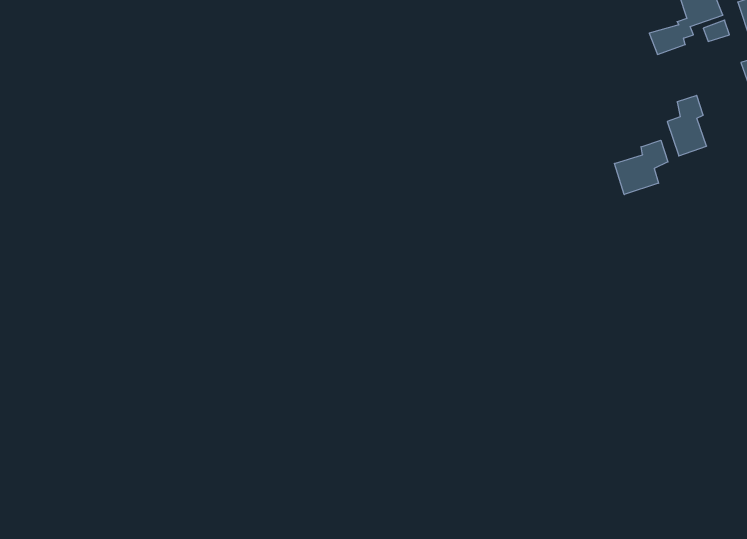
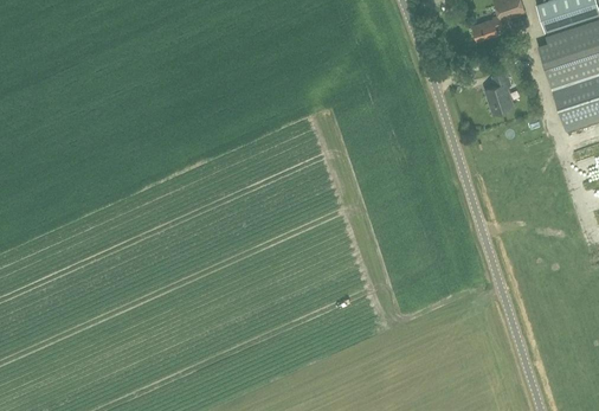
building: [614,140,668,195] -> none

